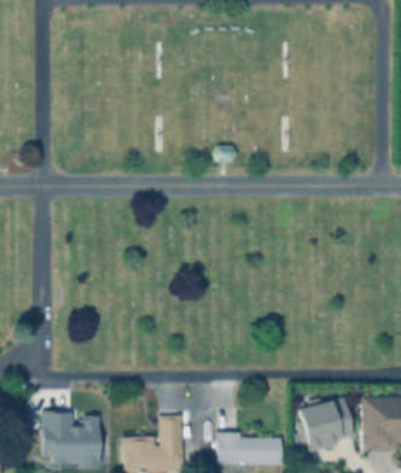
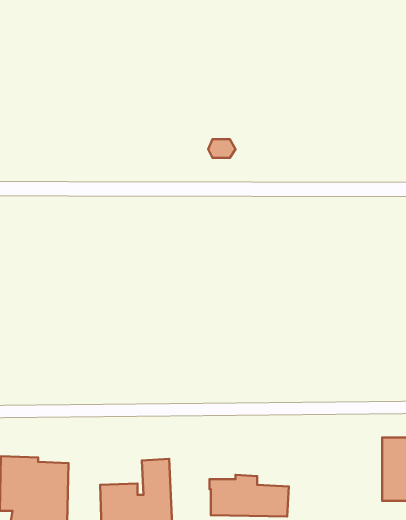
building: [292,397,353,452] -> none

